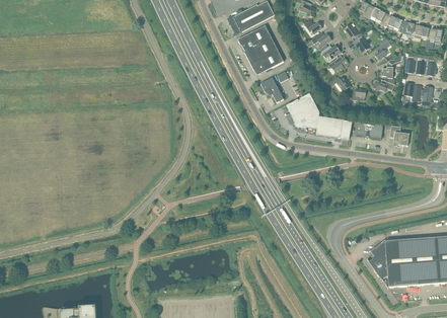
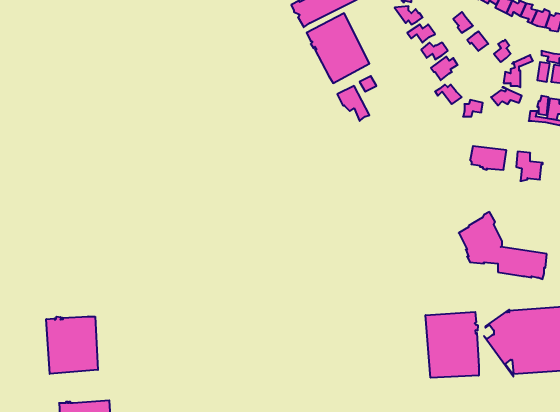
building: [288,90,352,139] -> [459,212,547,279]
building: none -> [426,312,479,378]
building: none -> [46,316,98,374]

